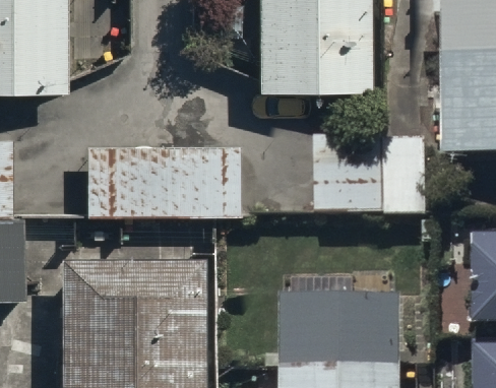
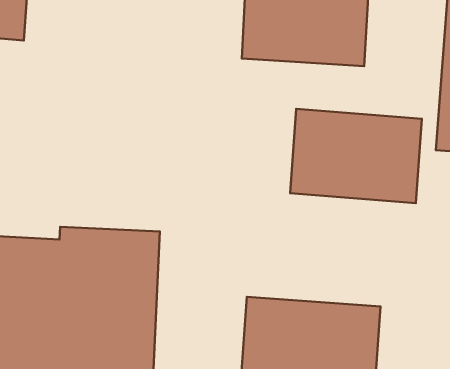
building: [87,144,241,207] -> none

